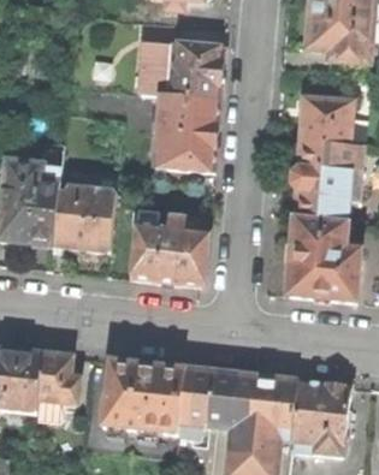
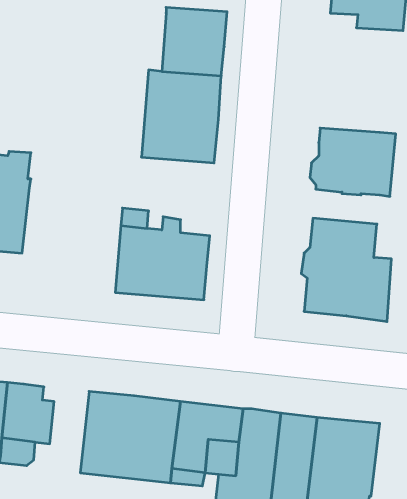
building: [140,43,173,94] -> none
building: [301,97,354,144] -> none
building: [54,184,116,250] -> none
building: [295,191,350,220] -> none

